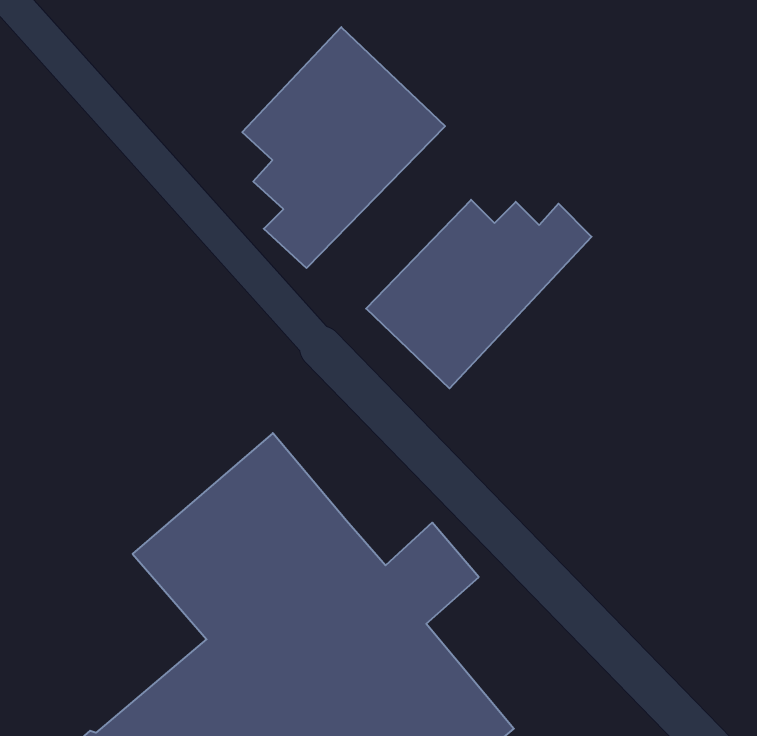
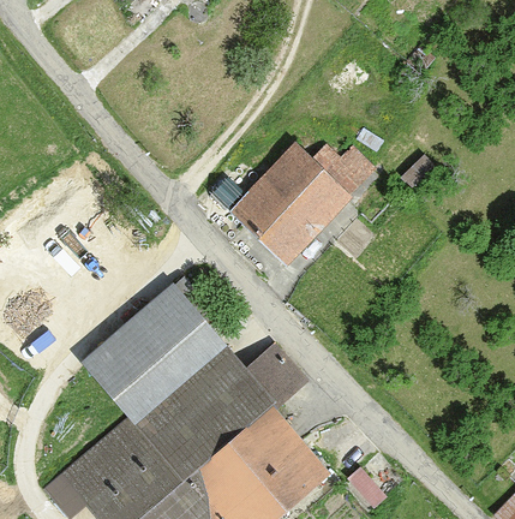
building: [242,27,445,268] -> none

